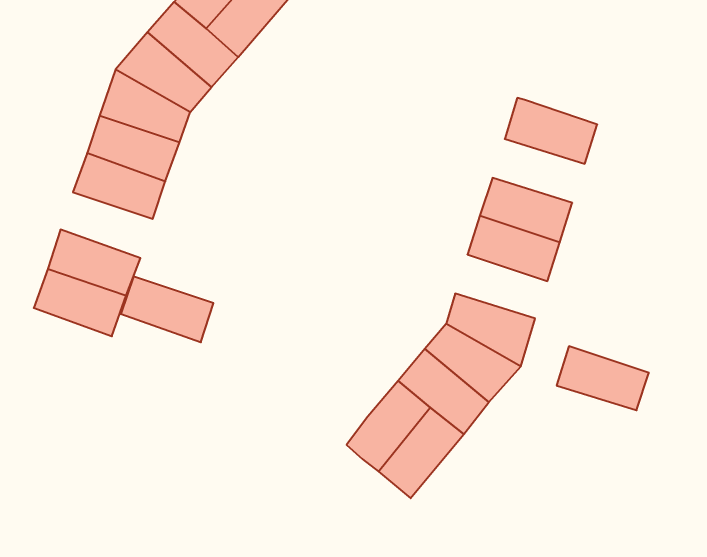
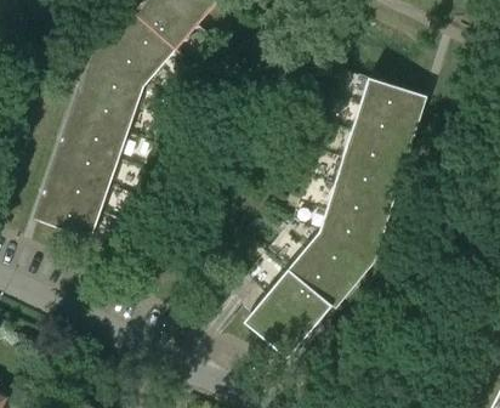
building: none -> [350,106,413,149]
building: [121,276,213,342] -> [55,142,118,187]
building: [557,346,649,410] -> [324,185,387,228]

